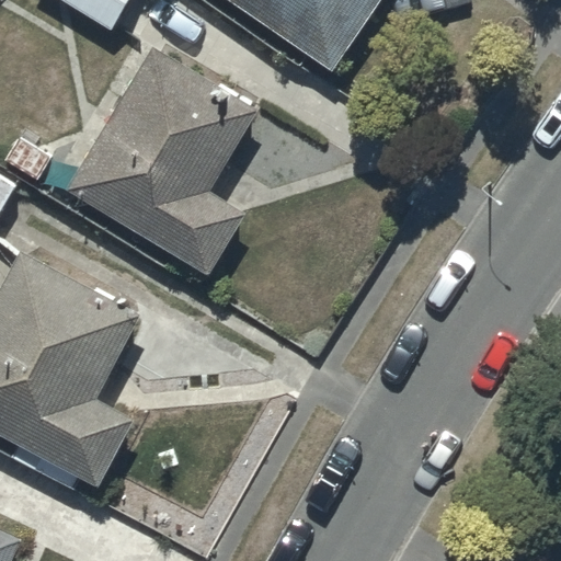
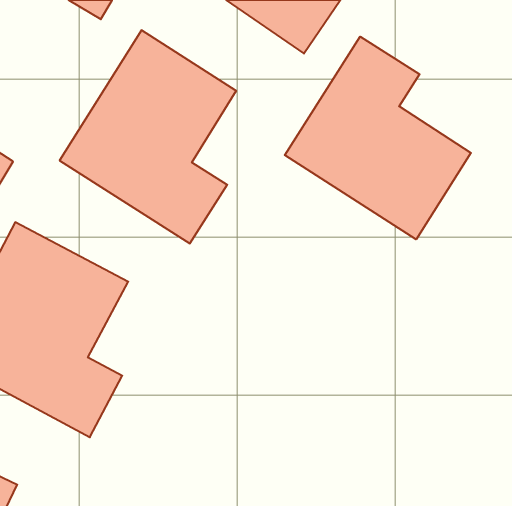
building: none -> [285,37,471,239]

